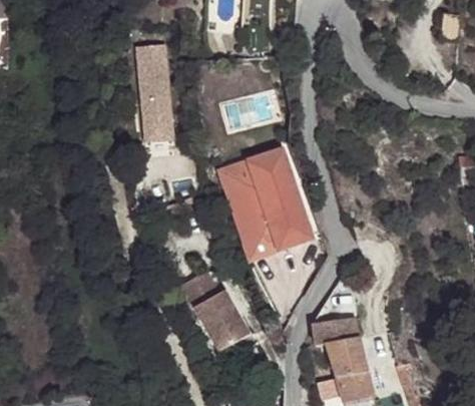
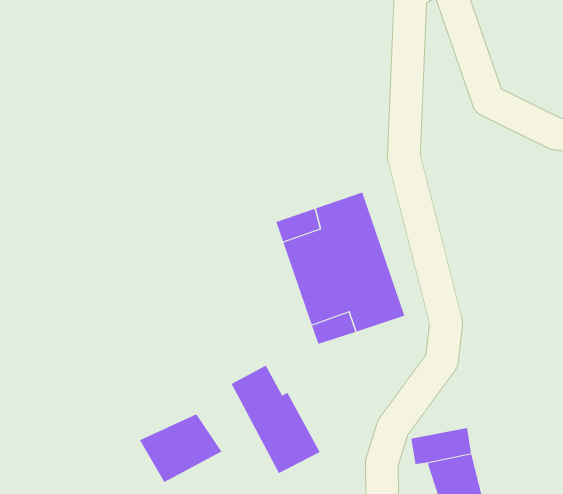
building: [140,36,174,127] -> none
building: none -> [139,414,222,483]

